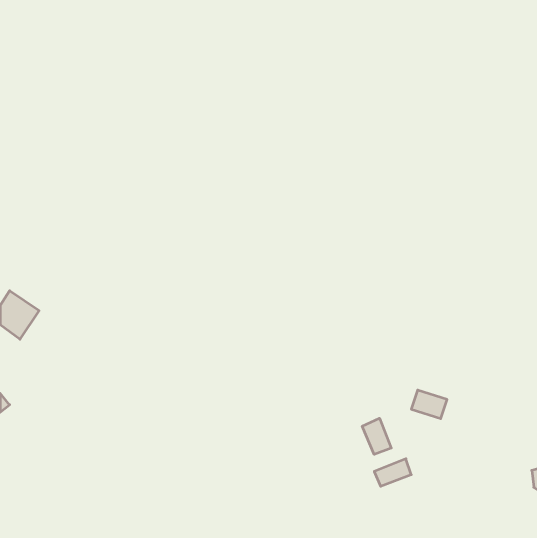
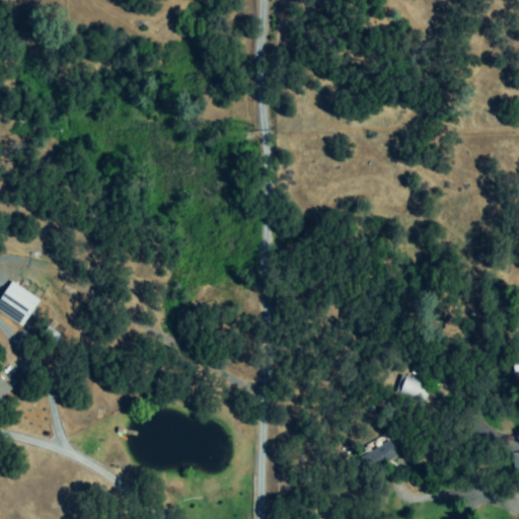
building: [362,418,391,454] -> none

